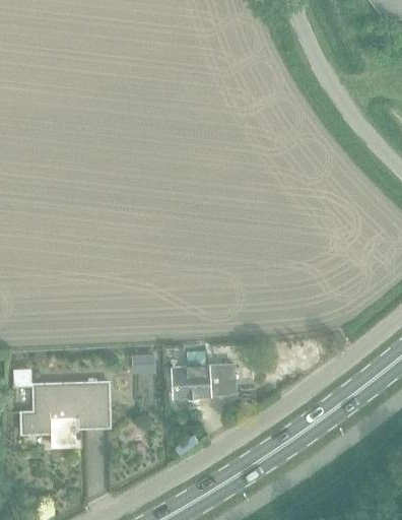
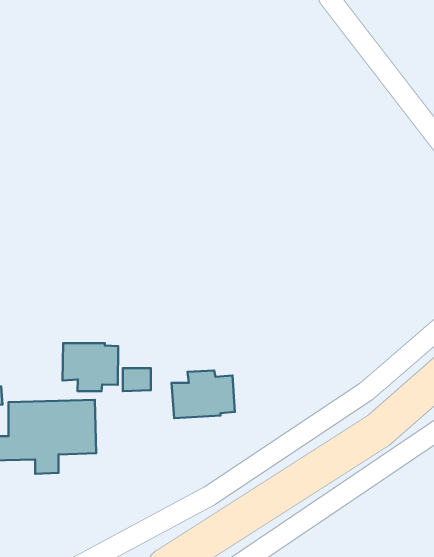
building: none -> [63,343,118,391]

